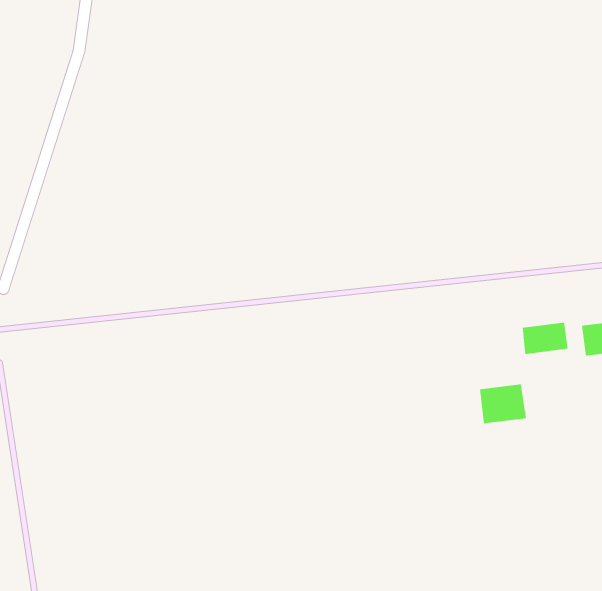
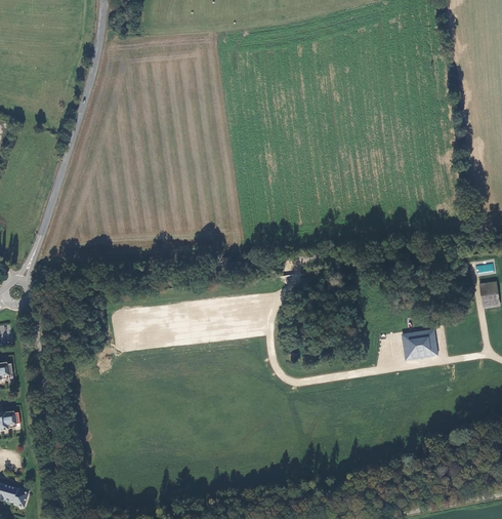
building: [522,322,568,355] -> none

